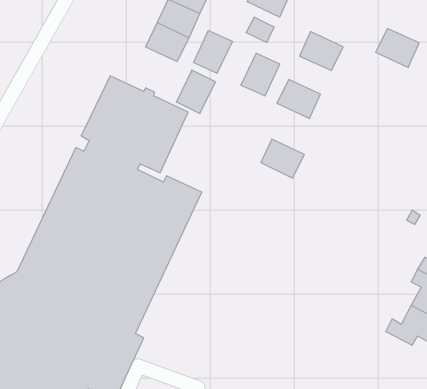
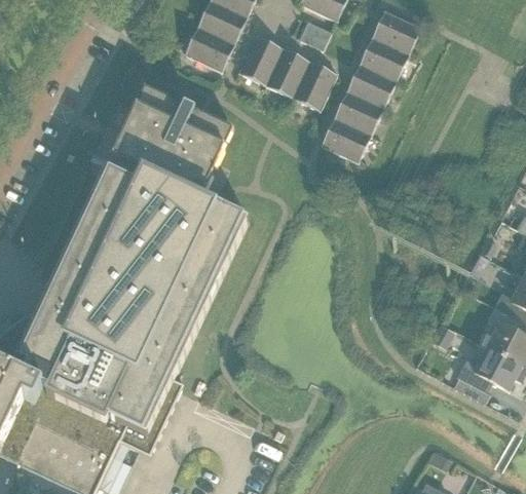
building: [376,28,419,67] -> [371,10,420,54]
building: none -> [346,65,394,108]
building: [176,70,215,114] -> [265,48,309,98]
building: [261,139,304,178] -> [321,118,370,162]

